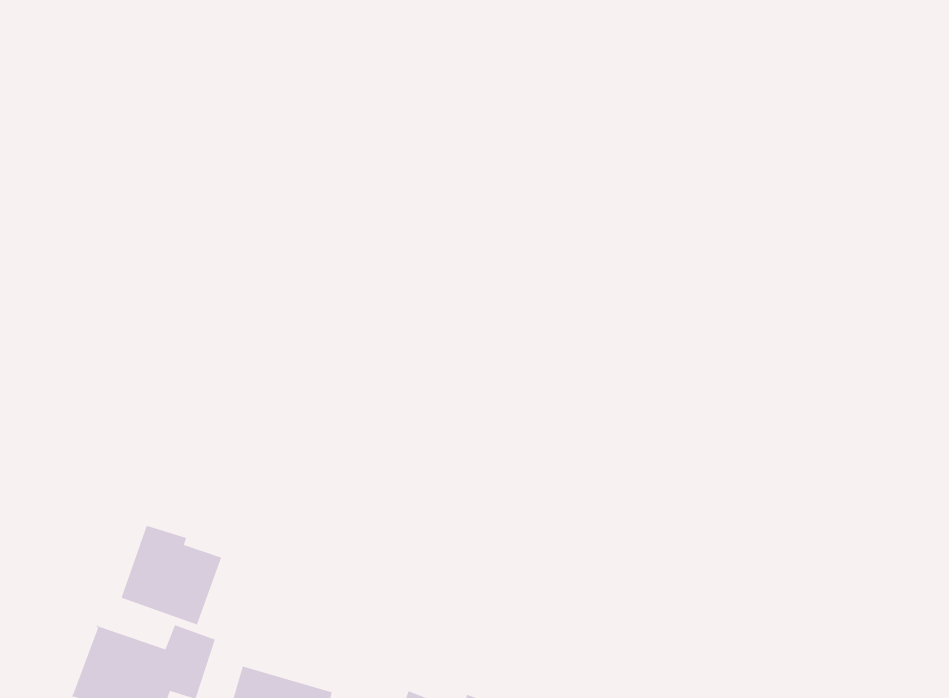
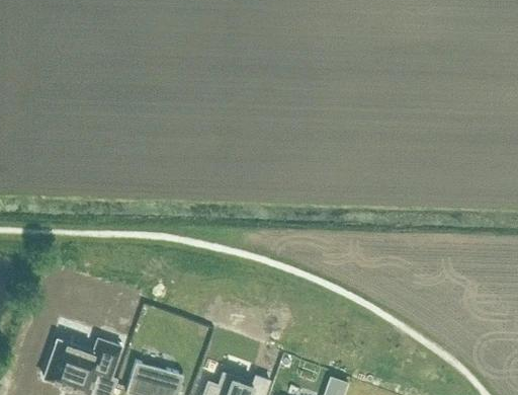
building: [120,525,222,625] -> none

